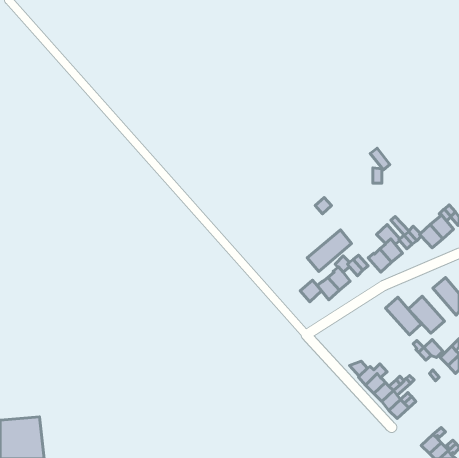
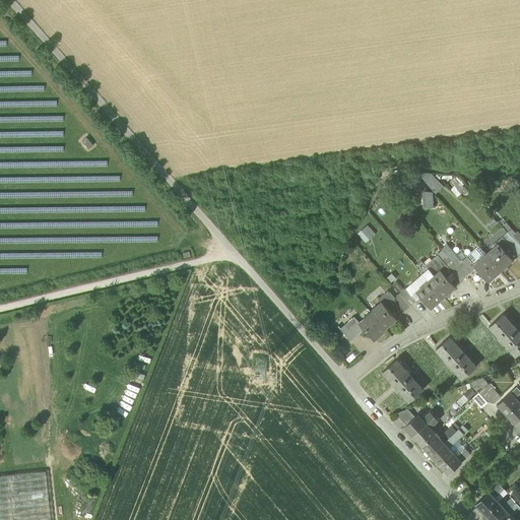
building: [307,230,352,271] -> none
building: [408,296,444,333] -> none
building: none -> [383,361,424,402]

